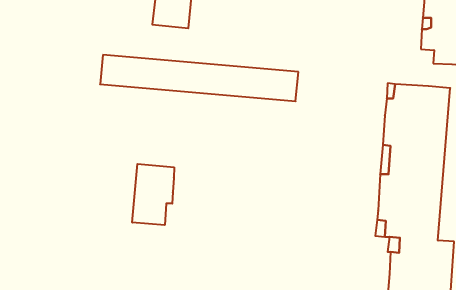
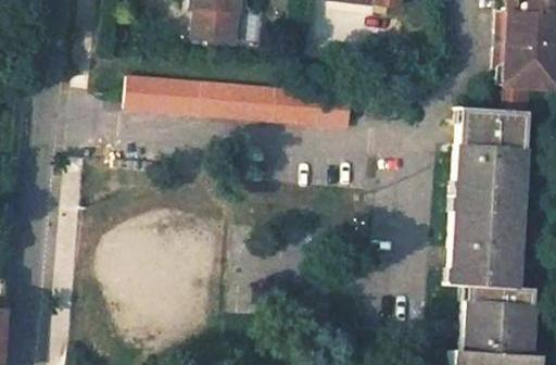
building: none -> [498,68,535,113]
building: [132,164,174,225] -> none

